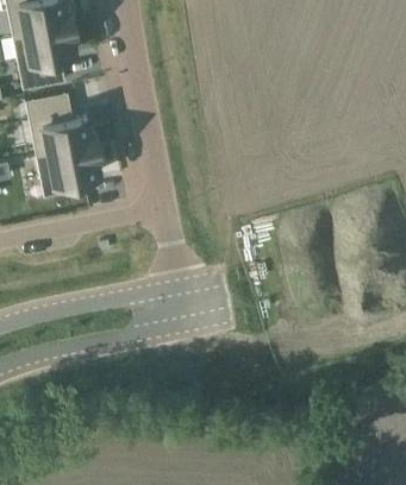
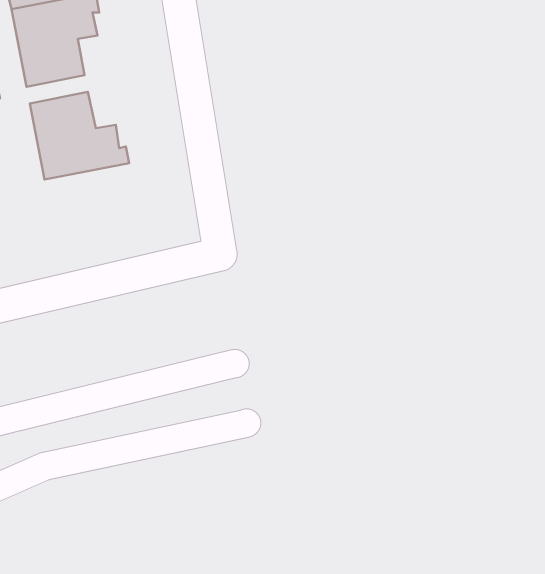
building: [37,141,100,195] -> none

